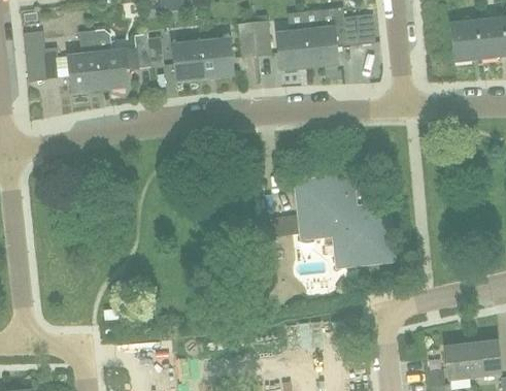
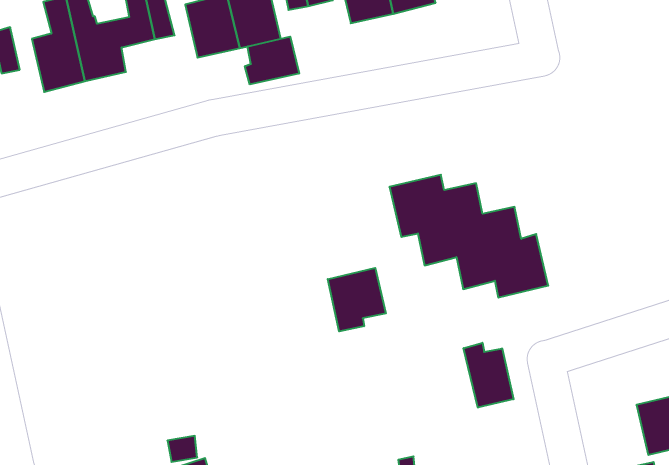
building: none -> [245,37,299,84]
building: none -> [328,268,386,331]
building: none -> [464,343,514,408]

